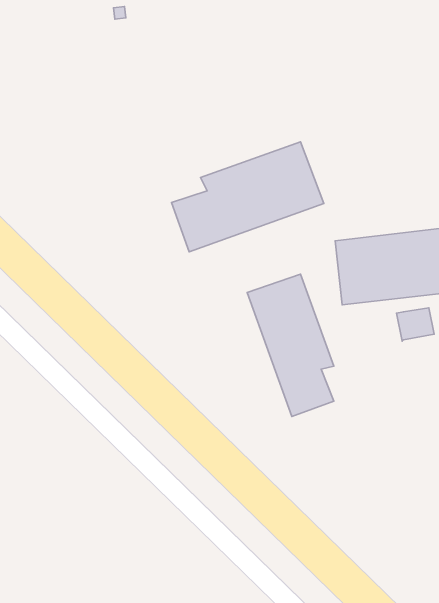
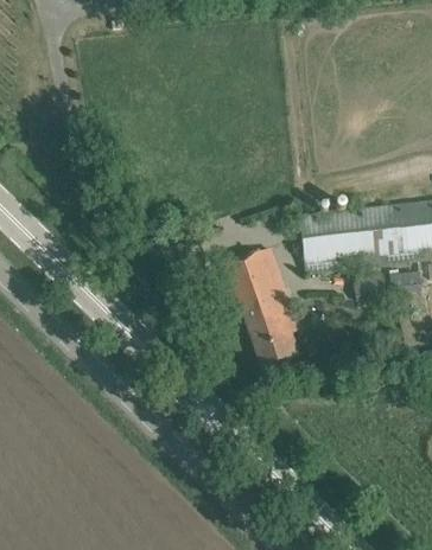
building: [172,142,324,252] -> none

